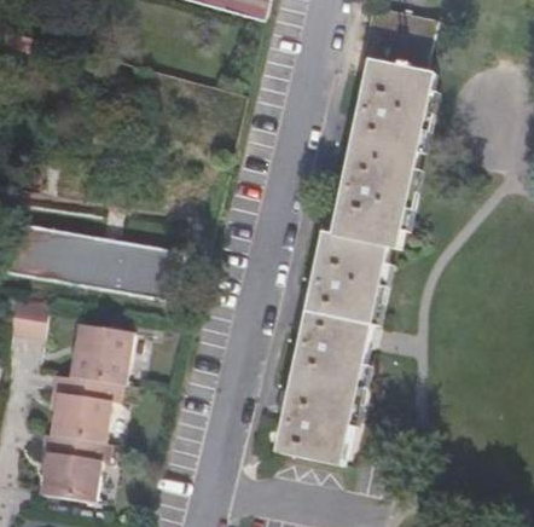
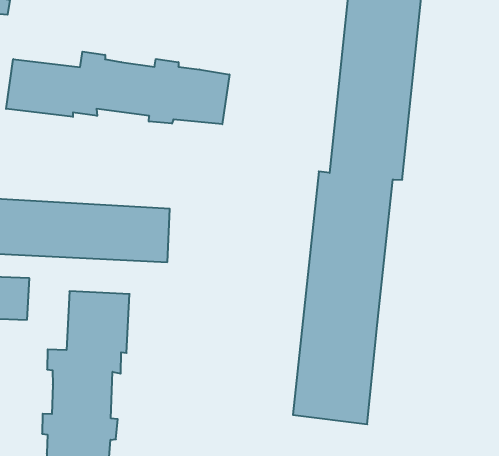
building: none -> [6,52,229,124]

